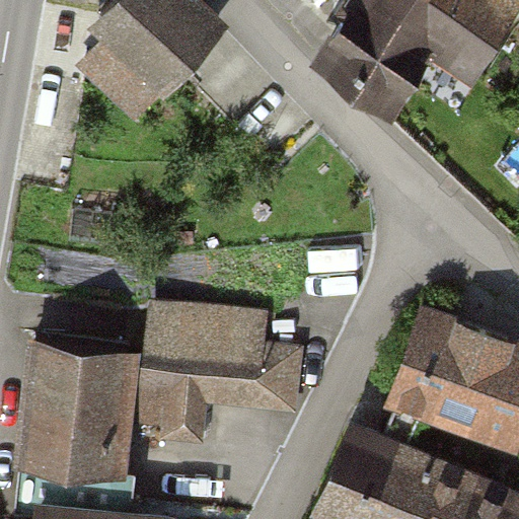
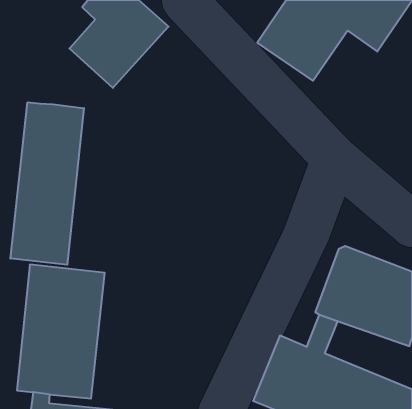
building: none -> [10,102,84,265]
building: [145,305,301,441] -> none

